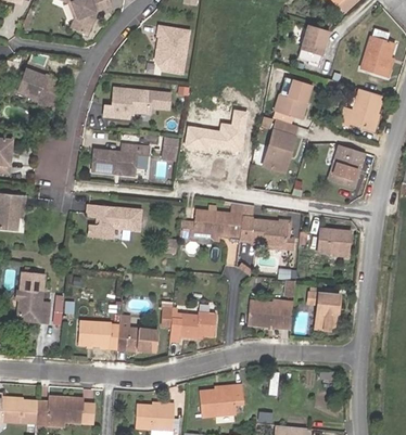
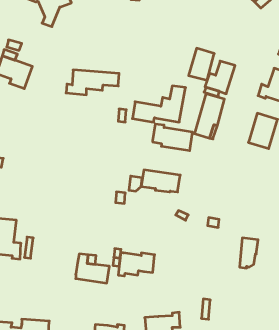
building: [155,26,189,73] -> none
building: [295,26,327,65] -> [189,48,214,80]
building: [94,144,151,176] -> none
building: [88,204,143,239] -> none
building: [241,218,290,251] -> [153,124,192,151]
building: [317,231,350,255] -> none
building: [248,304,293,331] -> none
building: [78,318,117,344] -> none

